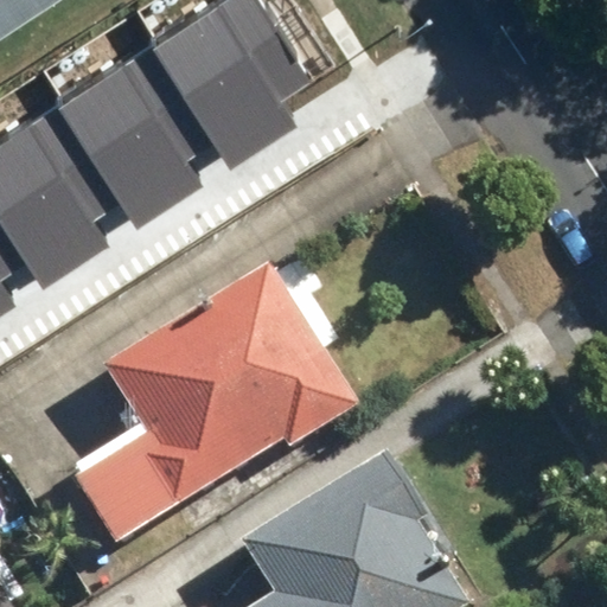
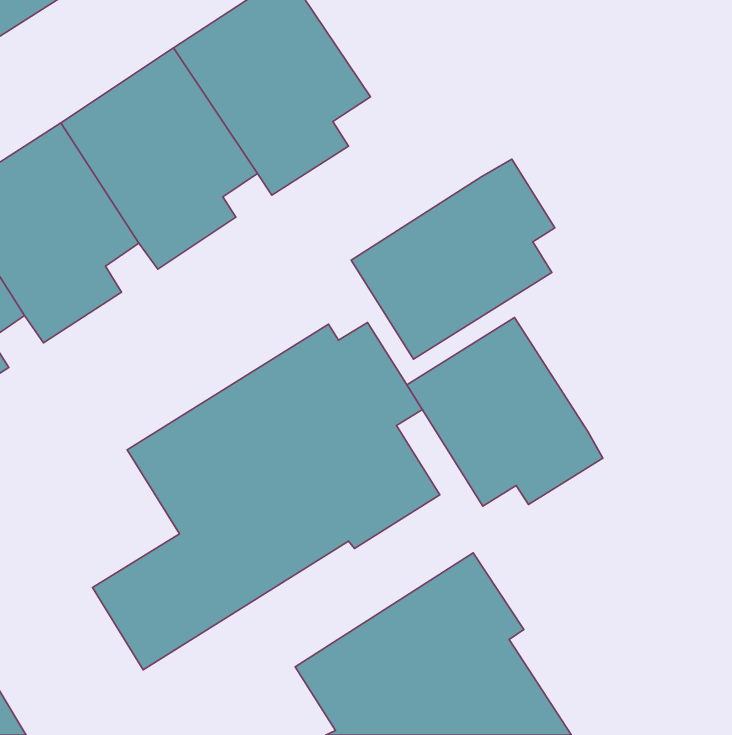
building: none -> [351,159,555,359]
building: none -> [407,317,603,506]

